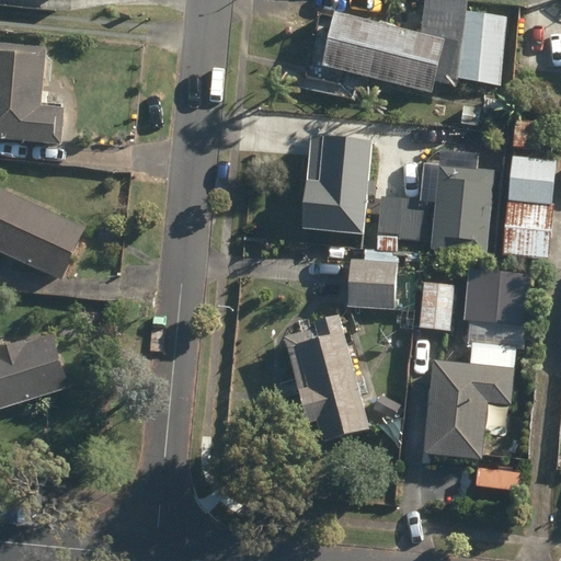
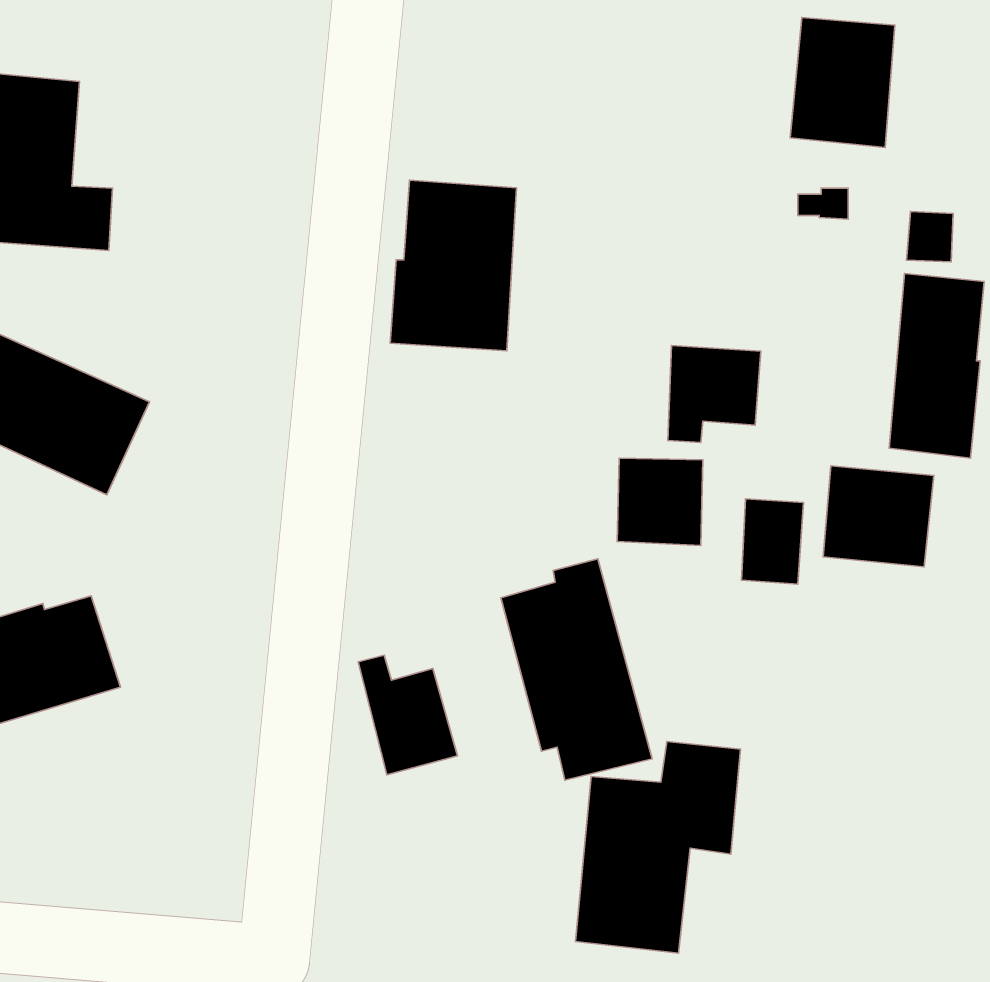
building: [321,13,443,90] -> none
building: [299,136,370,232] -> [390,180,516,351]
building: [431,164,492,253] -> none
building: [423,341,516,460] -> [576,741,741,953]
building: none -> [358,655,457,775]

